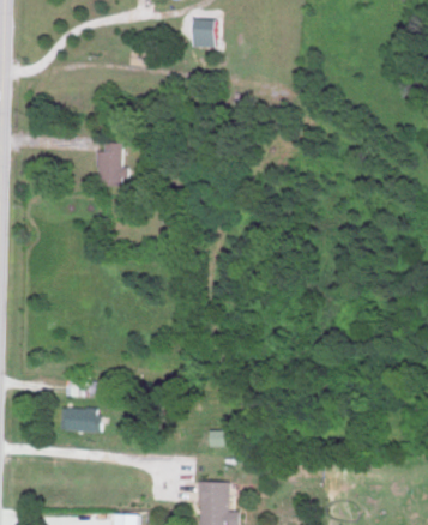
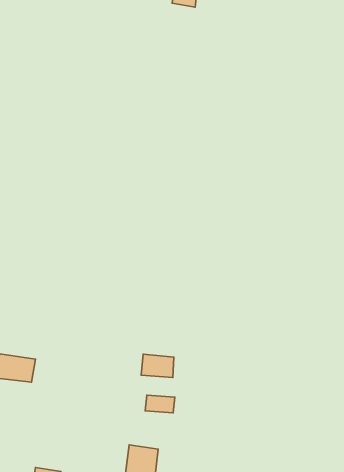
building: [97,143,128,183] -> none
building: none -> [141,354,174,377]

